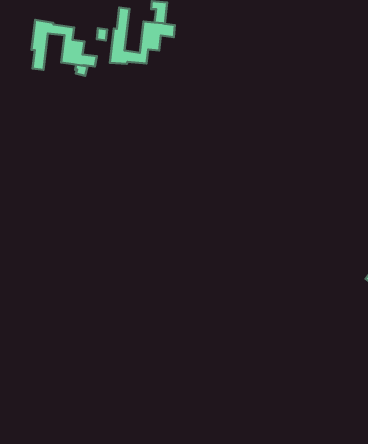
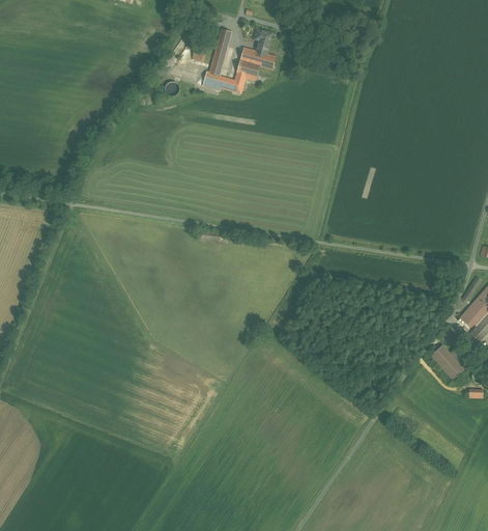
building: [32,20,97,70] -> none

